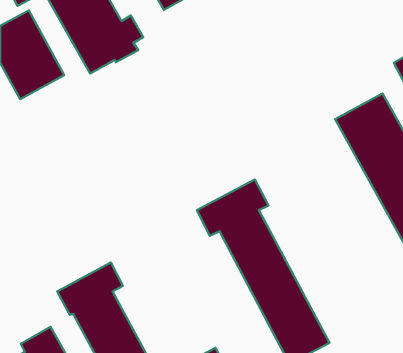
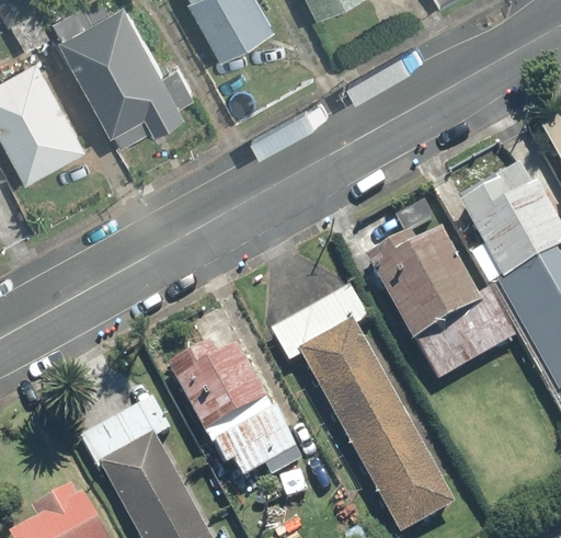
building: none -> [367,230,516,379]
building: none -> [168,344,302,480]

